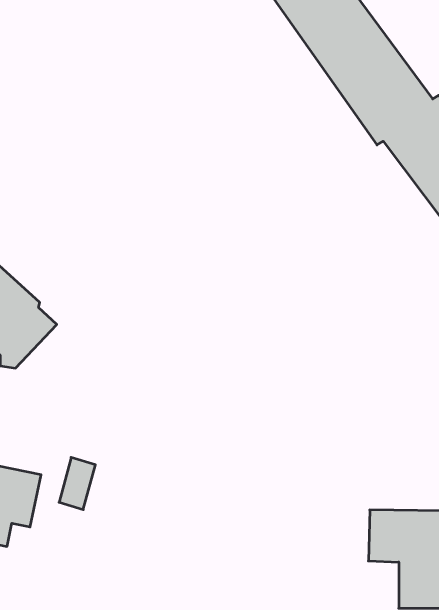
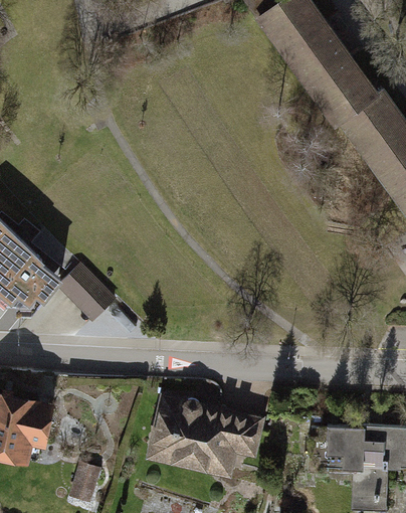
building: none -> [58,262,116,321]
building: [59,457,95,510] -> [69,464,99,507]
building: none -> [147,393,261,474]

